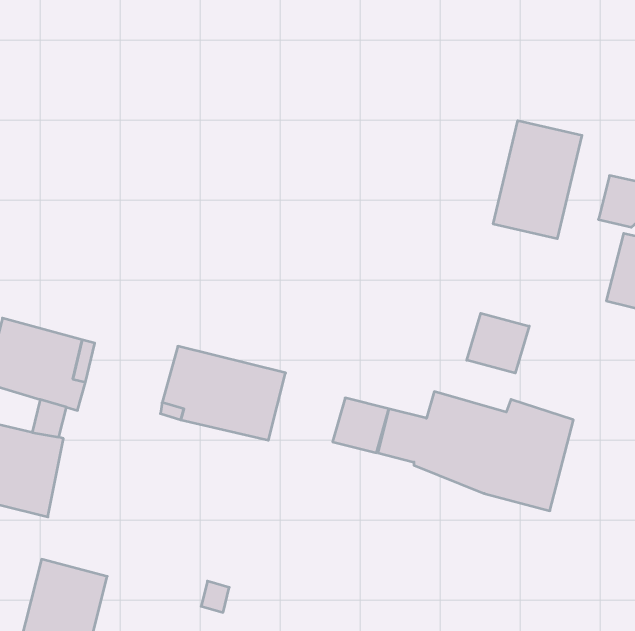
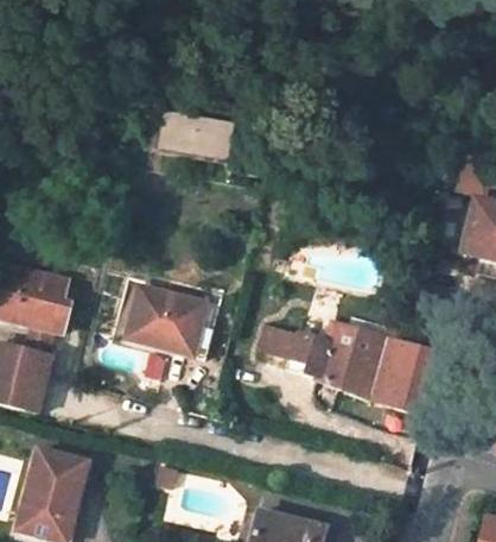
building: none -> [153,106,233,158]
building: [493,121,582,239] -> none
building: [467,313,529,373] -> none

